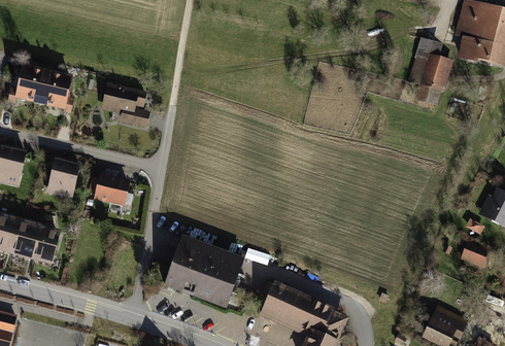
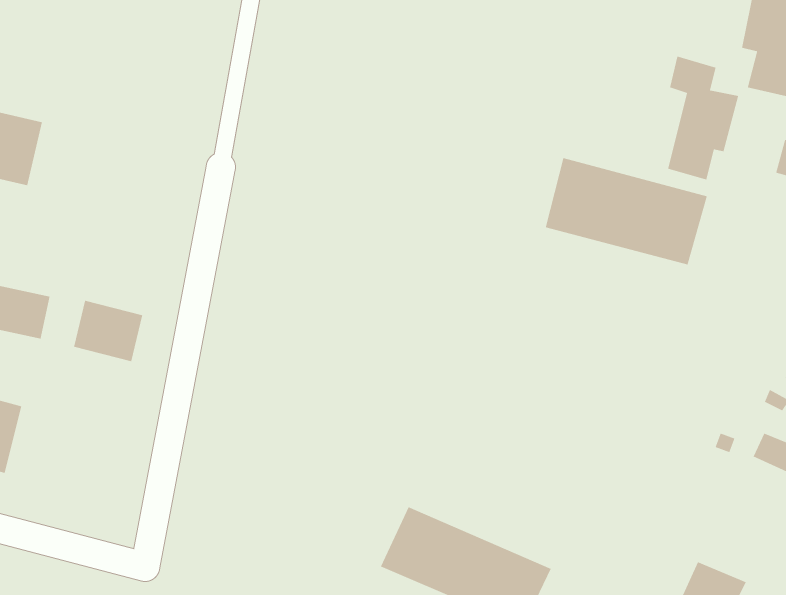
building: [102,80,153,127] -> none
building: none -> [545,157,708,265]
building: [166,238,246,309] -> none

